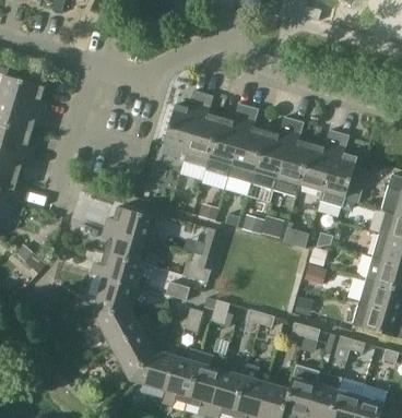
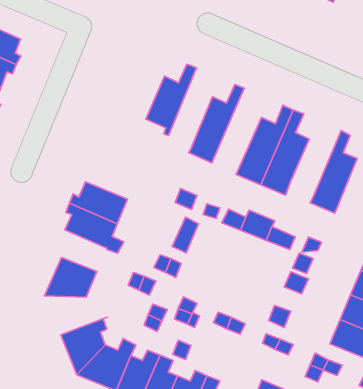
building: [182,94,220,168] -> none
building: [226,107,265,184] -> none
building: [298,132,338,196] -> none
building: [90,252,142,286] -> none
building: [92,310,150,346] -> none

